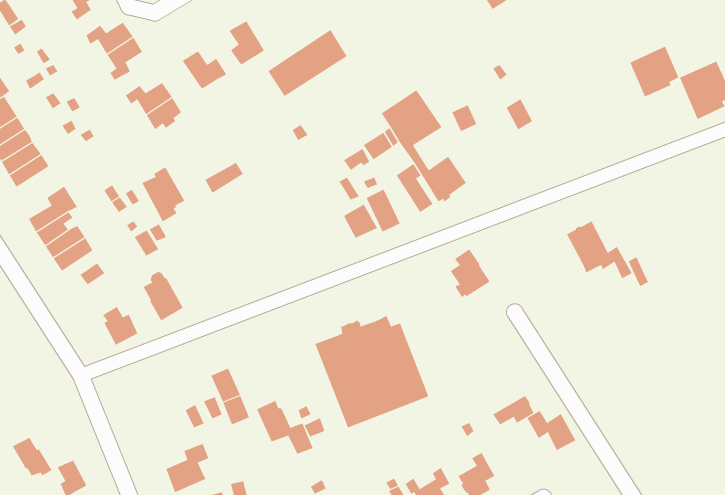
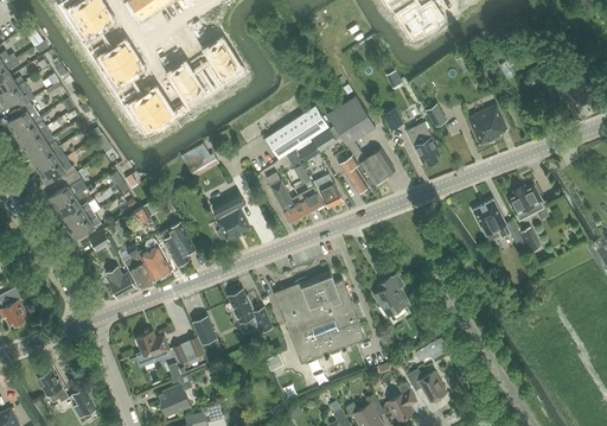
building: [268,29,347,97] -> [264,106,327,159]
building: [629,46,679,97] -> [467,104,506,145]
building: none -> [405,122,440,164]
building: none -> [39,157,77,184]
building: [141,166,185,222] -> [160,222,194,266]
building: none -> [269,180,306,223]
building: none -> [506,186,543,218]
building: none -> [211,193,249,240]
building: [450,249,490,298] -> [373,278,405,317]
building: none -> [124,244,153,287]
building: none -> [134,333,171,368]
building: [256,400,314,454] -> [226,290,271,332]
building: [526,410,576,451] -> [405,369,445,401]

